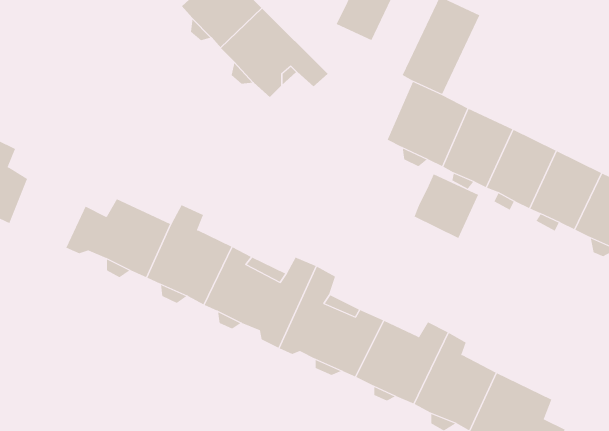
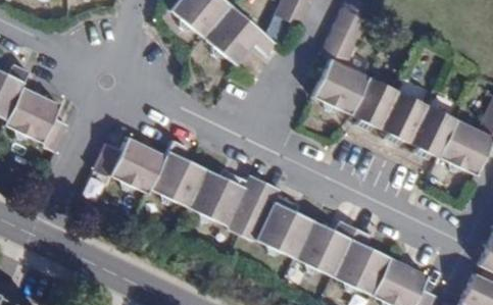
building: [414,173,479,239] -> none

